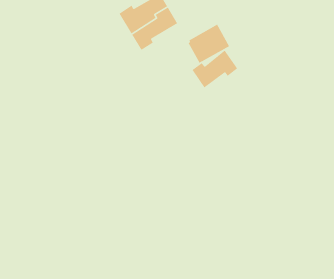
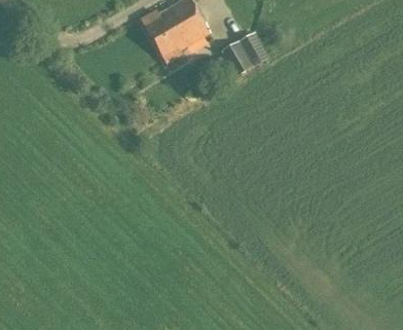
building: [192,49,238,88] -> none

